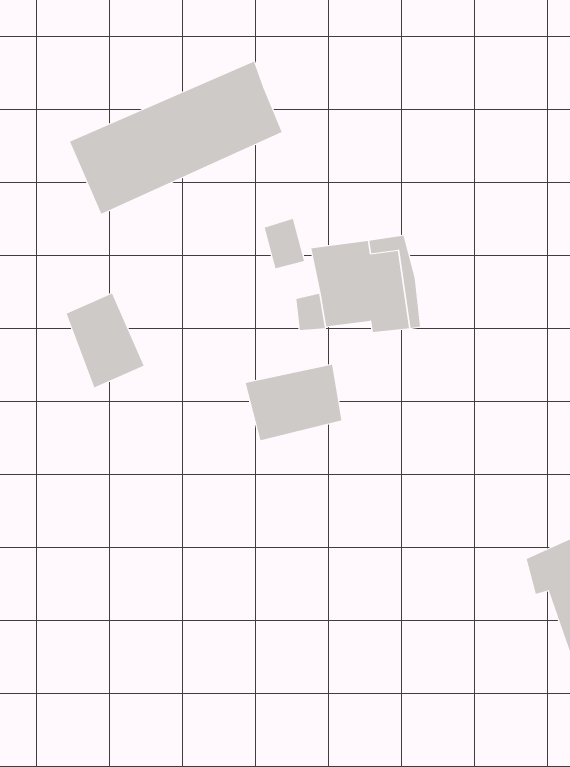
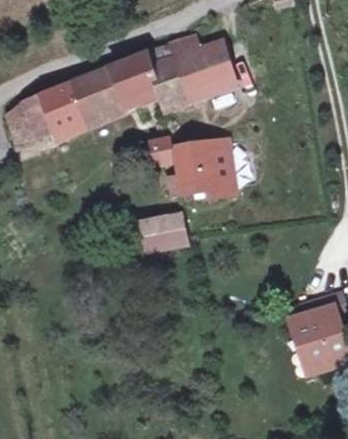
building: none -> [149,34,232,108]
building: [66,293,144,388] -> [18,93,61,145]

